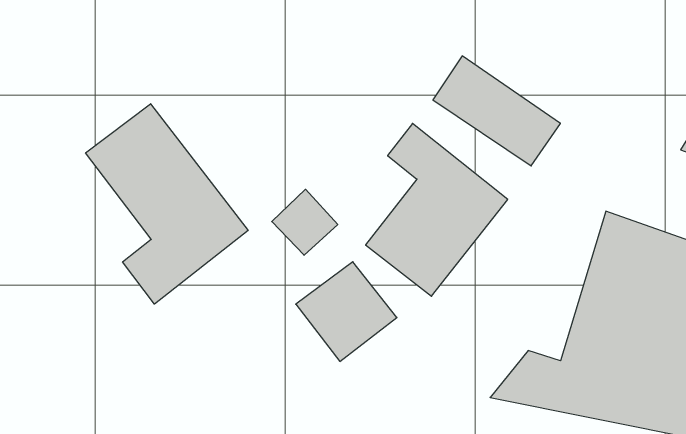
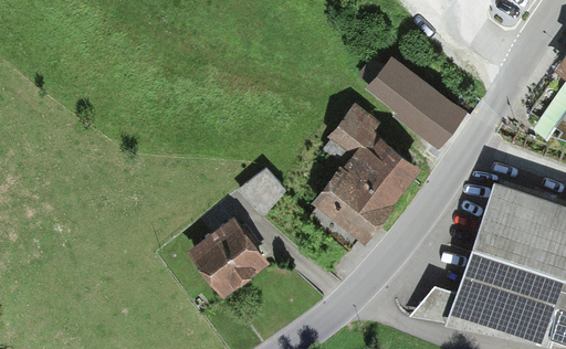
building: [86,104,248,304] -> none
building: [296,262,397,361] -> [190,223,266,298]

